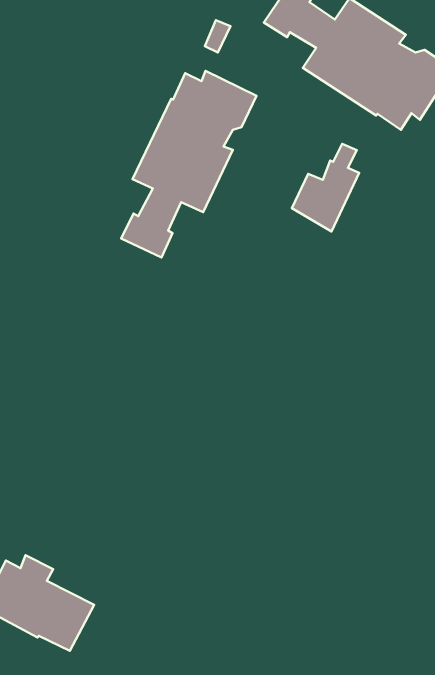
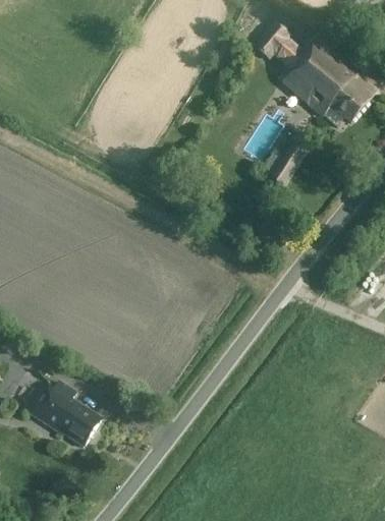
building: [121,71,256,257] -> none

